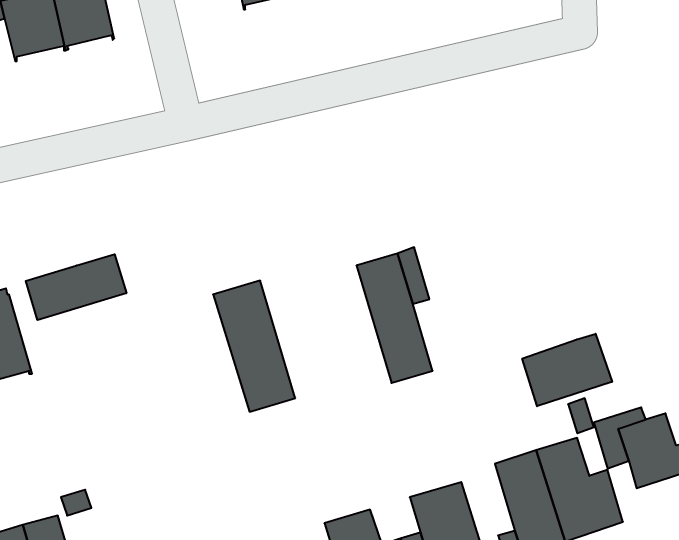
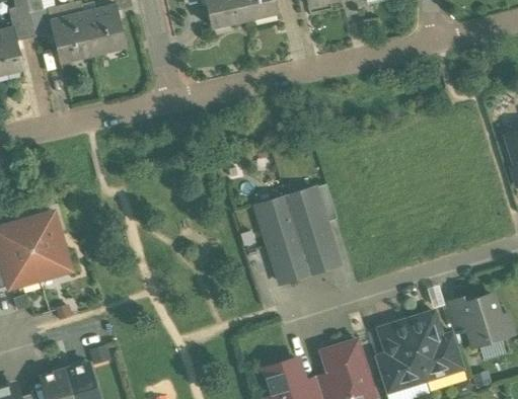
building: [26,254,126,320] -> none
building: [213,281,295,412] -> [255,197,310,285]
building: [522,334,612,406] -> none

